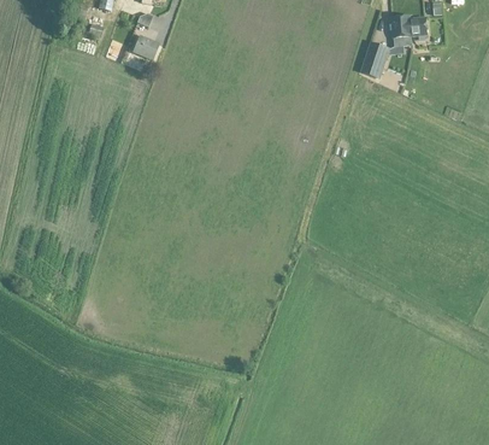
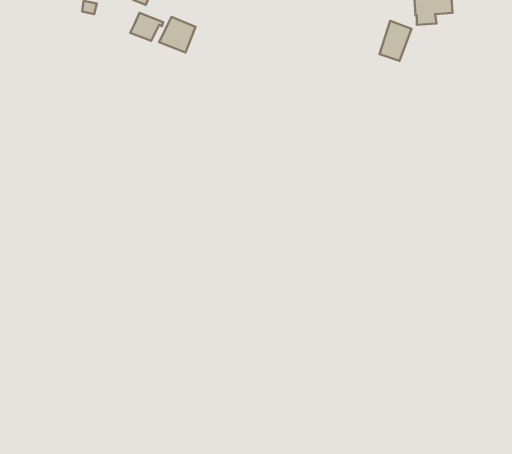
building: none -> [159,17,196,53]

